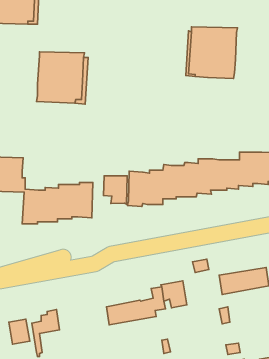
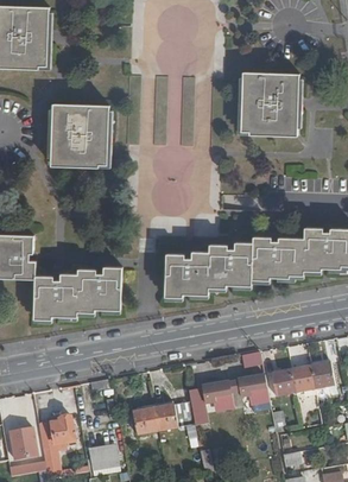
building: [103,176,127,204] -> none
building: none -> [238,378,270,408]
building: none -> [91,446,120,471]

